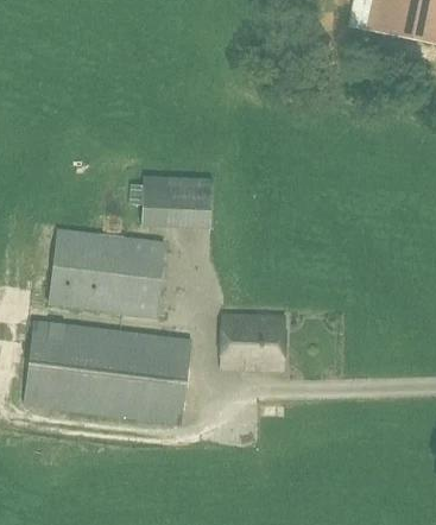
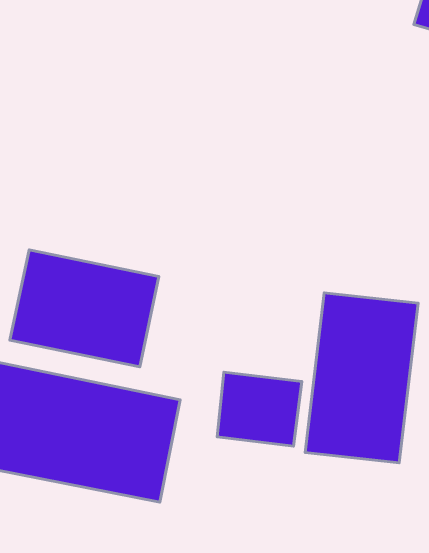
building: [141,175,211,227] -> none
building: none -> [305,293,418,463]

